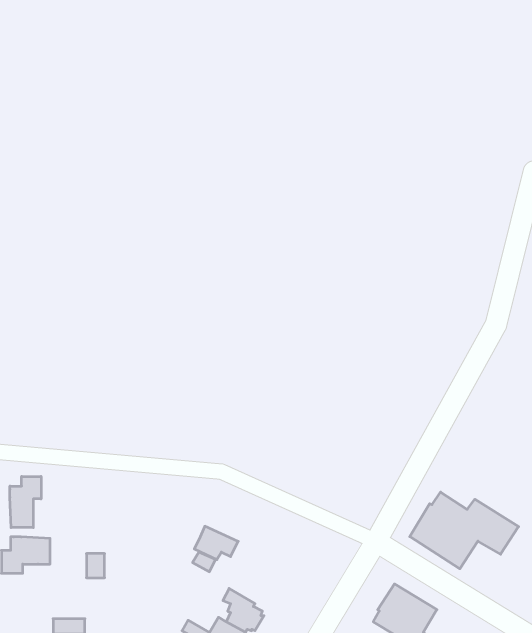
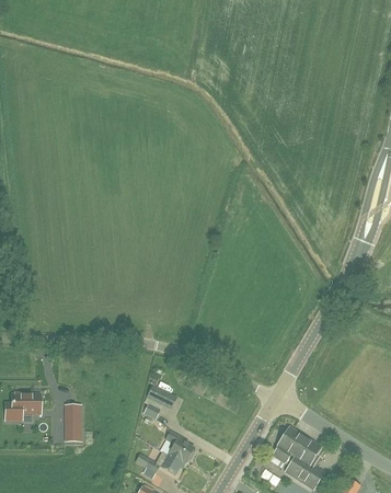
building: [10,476,41,528] -> none
building: [410,492,519,569] -> none

